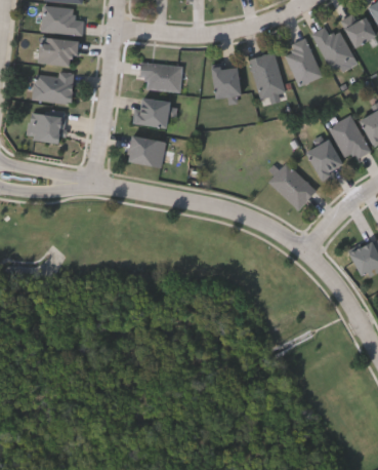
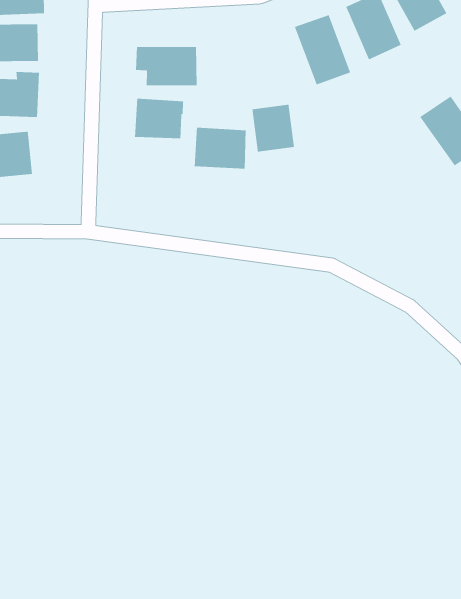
building: [212,67,239,97] -> [252,104,295,152]
building: [127,135,165,167] -> [194,127,246,169]
building: [305,140,343,182] -> none
building: [268,162,316,210] -> none

